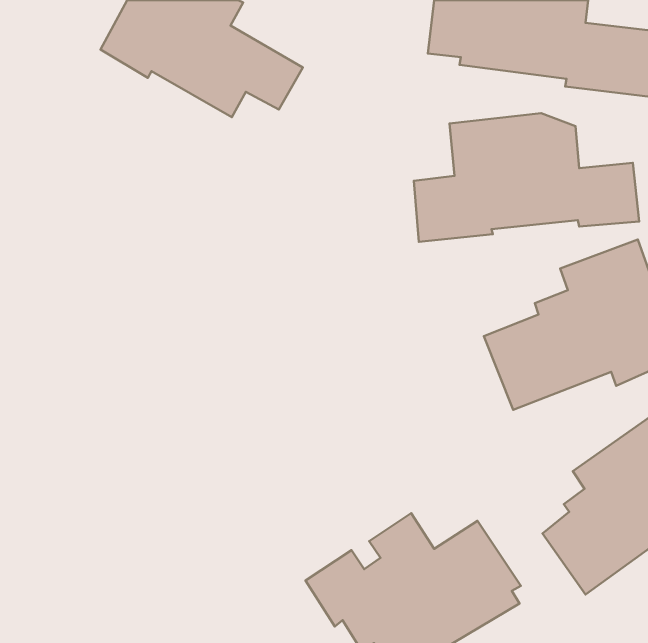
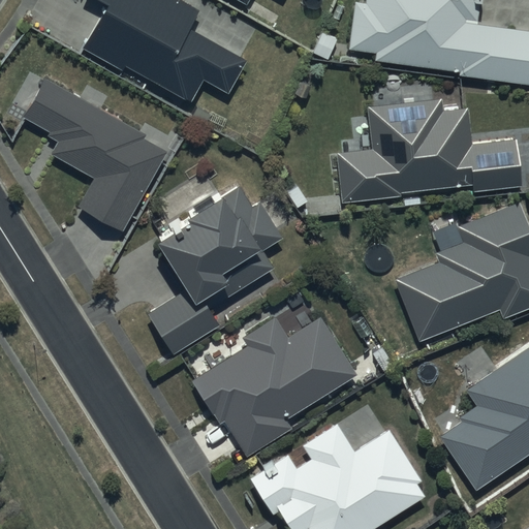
building: none -> [24,79,166,231]
building: none -> [148,186,283,353]
building: none -> [192,316,359,455]

